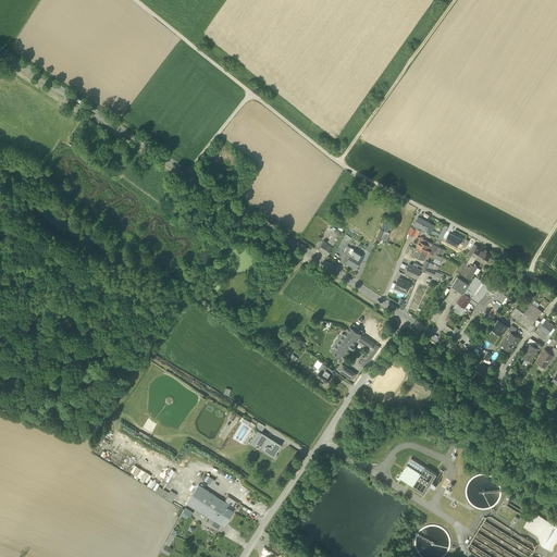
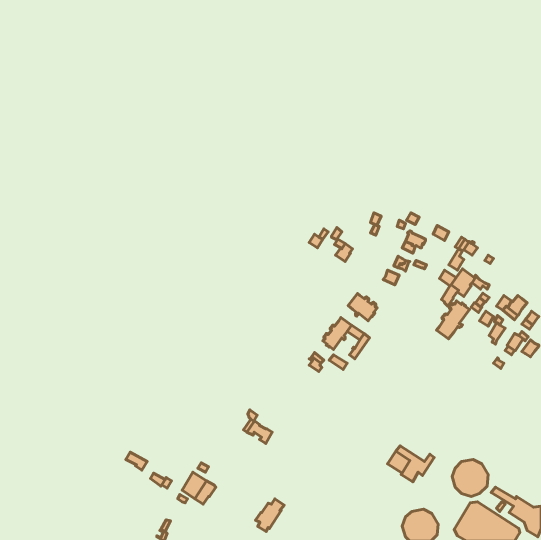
building: none -> [348,293,377,321]
building: none -> [437,301,469,339]
building: [209,497,238,531] -> [256,499,284,532]

